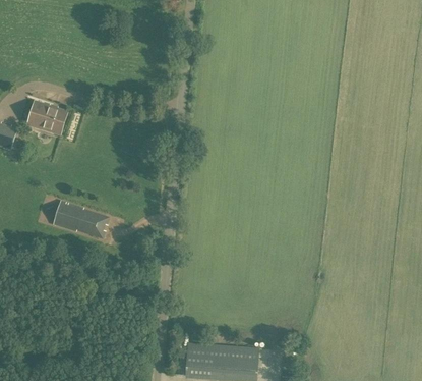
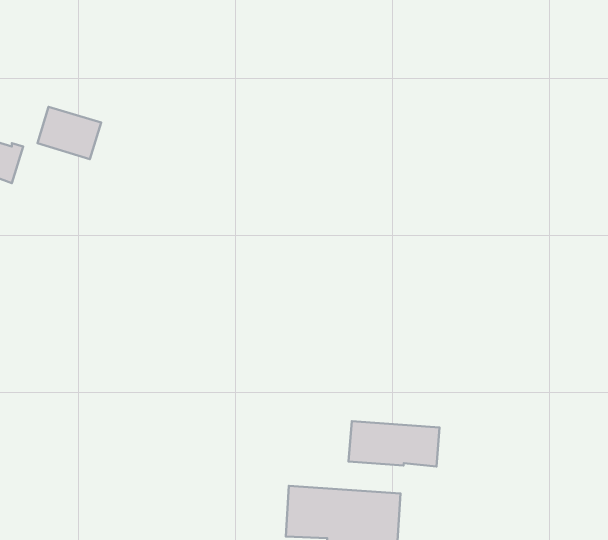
building: [53,201,107,236] -> none
building: none -> [349,421,440,466]

